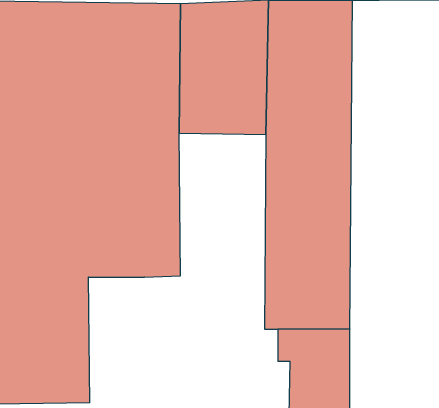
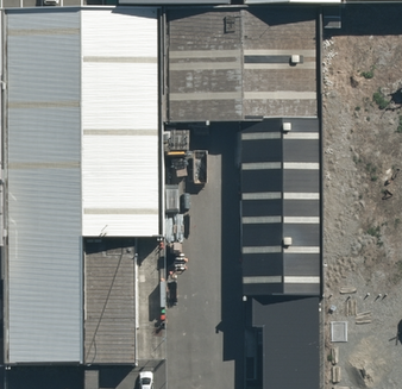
building: none -> [84,249,136,360]

